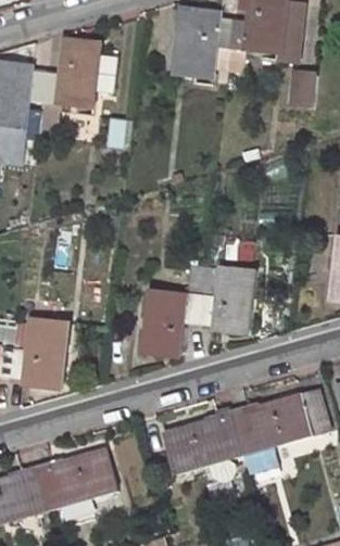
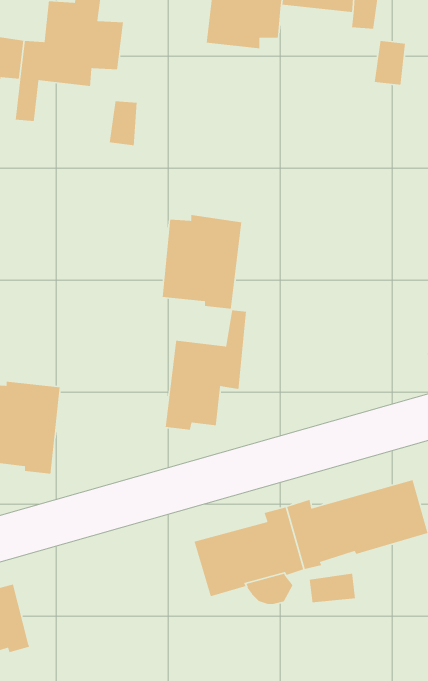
building: [197,264,254,332] -> [162,214,242,310]
building: [35,449,118,508] -> none

